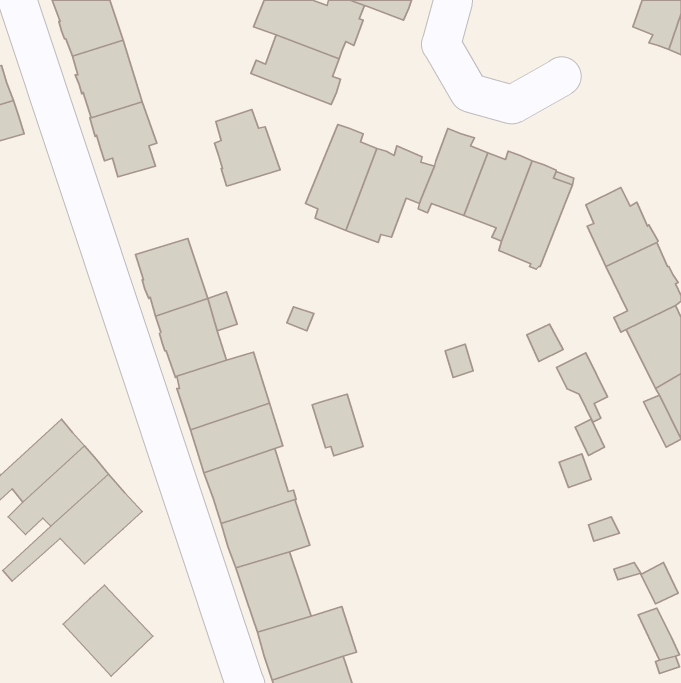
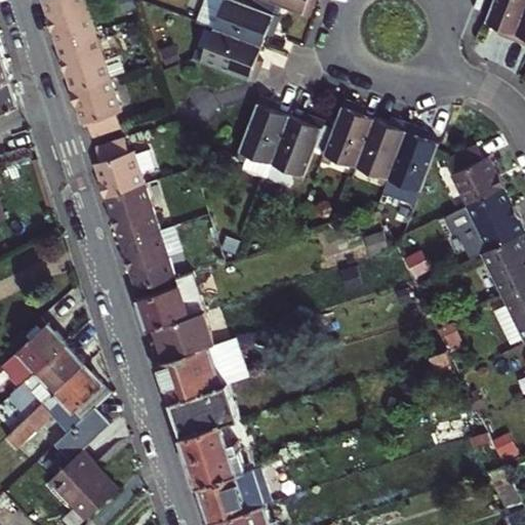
building: [214,110,280,186] -> [93,137,144,196]
building: [556,353,607,422] -> [441,205,480,258]
building: [312,394,363,456] -> [210,336,249,383]
building: none -> [54,406,110,459]

